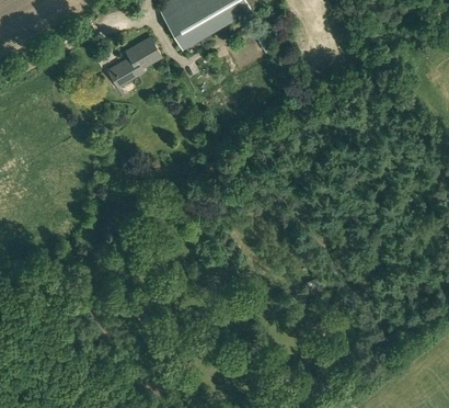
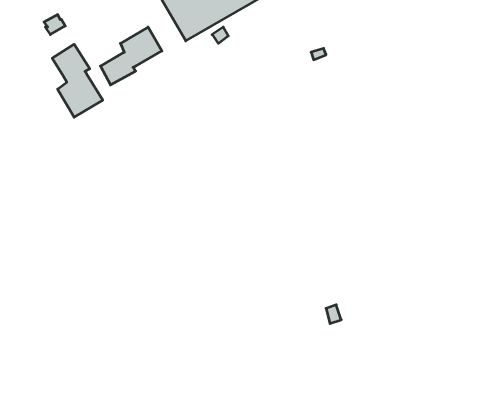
building: none -> [52,44,103,117]

